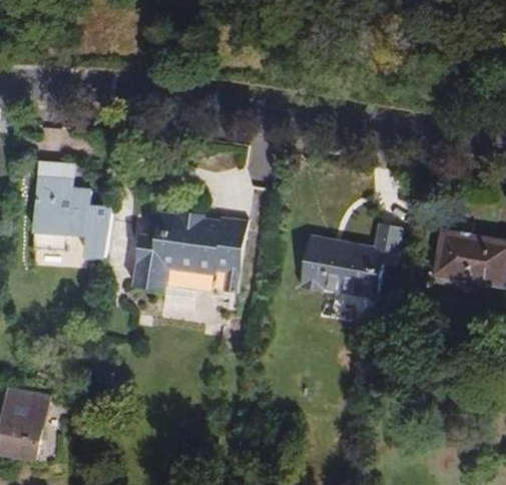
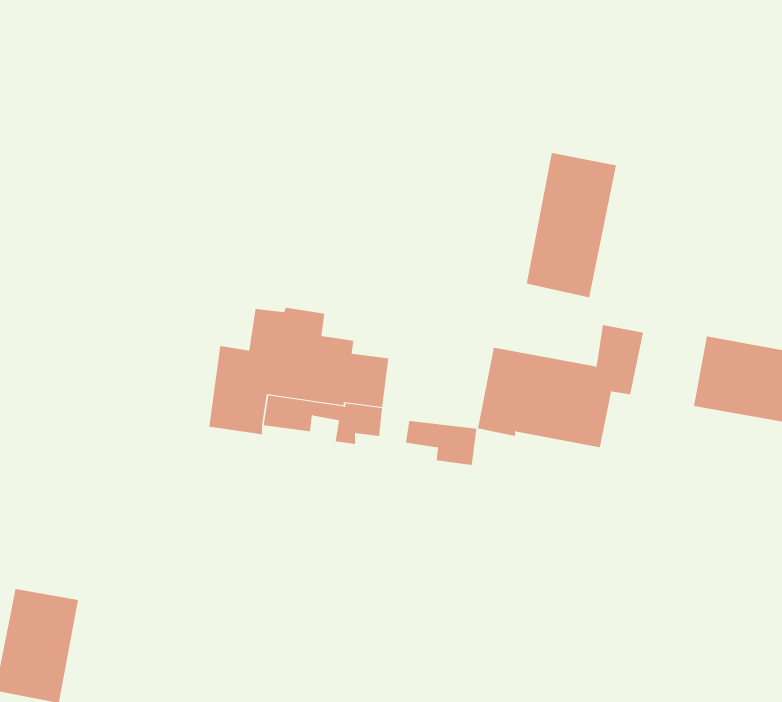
building: none -> [526,152,617,298]
building: [30,161,106,261] -> none
building: [202,215,247,244] -> [405,421,477,465]

